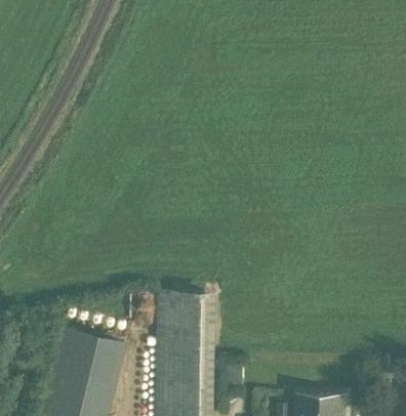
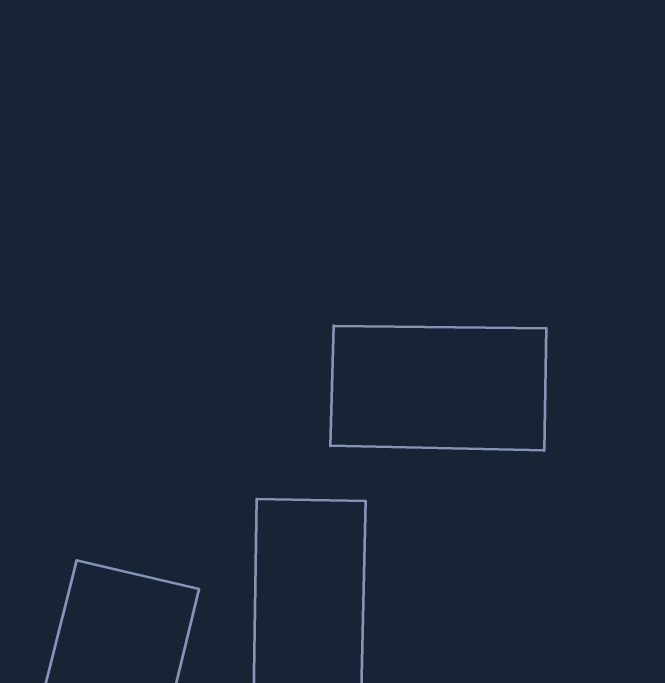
building: none -> [330,326,546,451]

